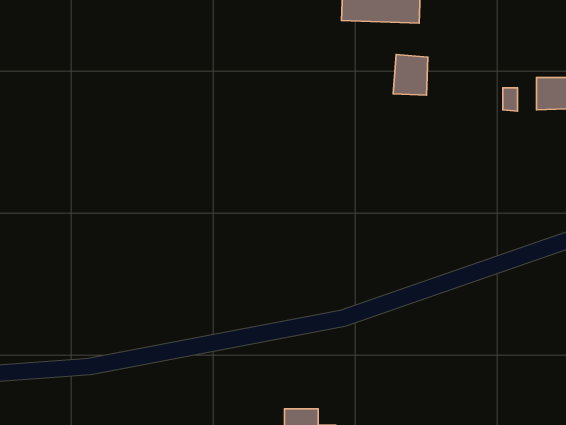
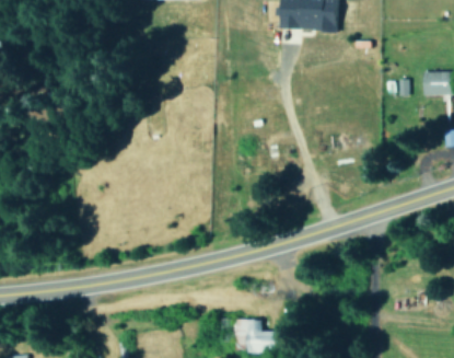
building: [393,54,428,95] -> none

